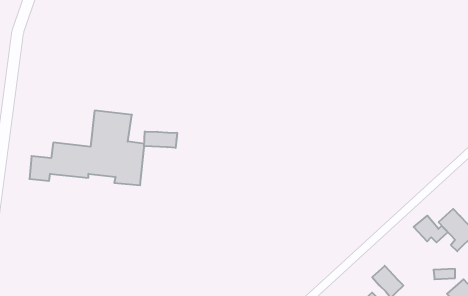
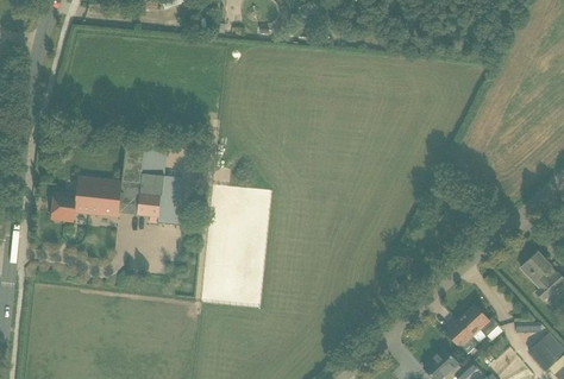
building: [144,131,177,148] -> none
building: [414,216,448,242] -> [458,304,497,335]

